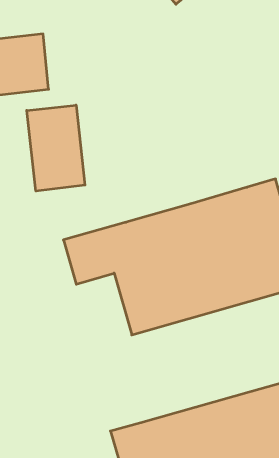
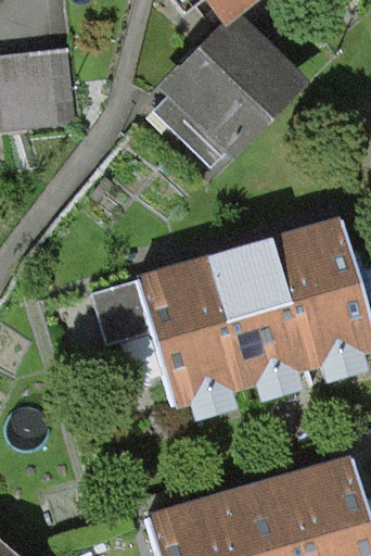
building: none -> [156,27,292,165]
building: [27,105,85,191] -> none

